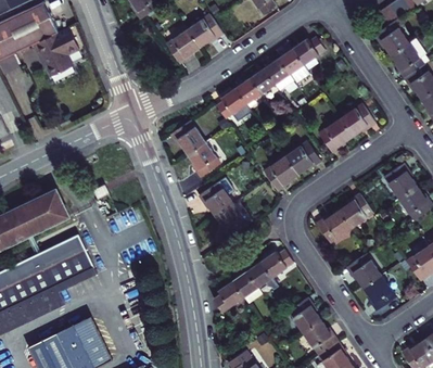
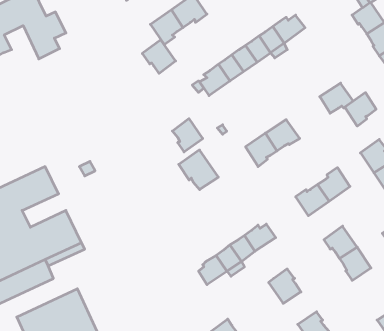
building: [319,118,352,153] -> [345,93,376,126]
building: [170,119,205,154] -> [142,40,176,73]
building: [216,202,251,239] -> none
building: [303,321,338,355] -> none

